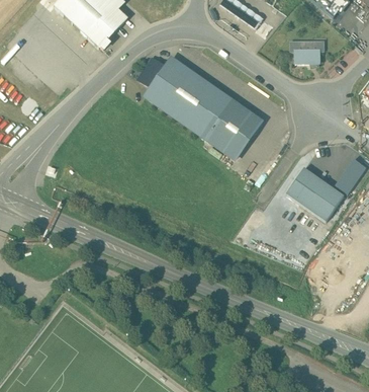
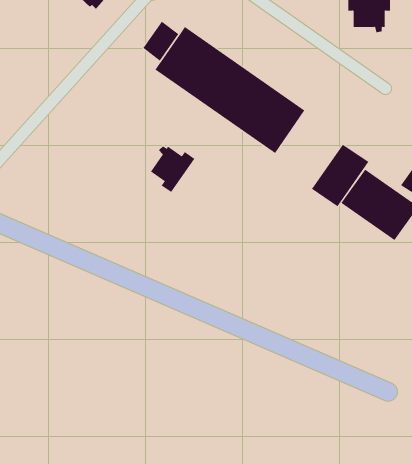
building: none -> [311,144,369,207]
building: none -> [150,146,195,193]

